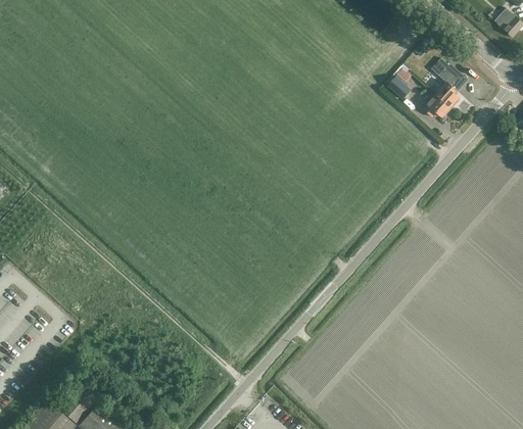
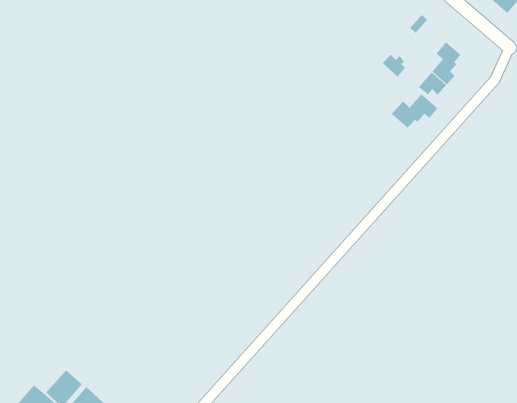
building: none -> [391,93,438,129]

